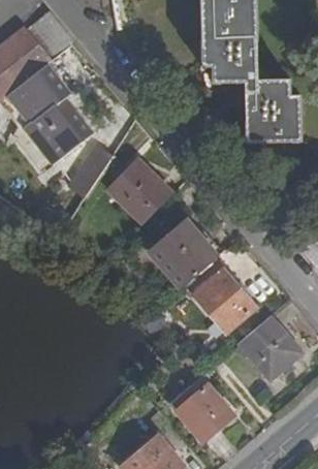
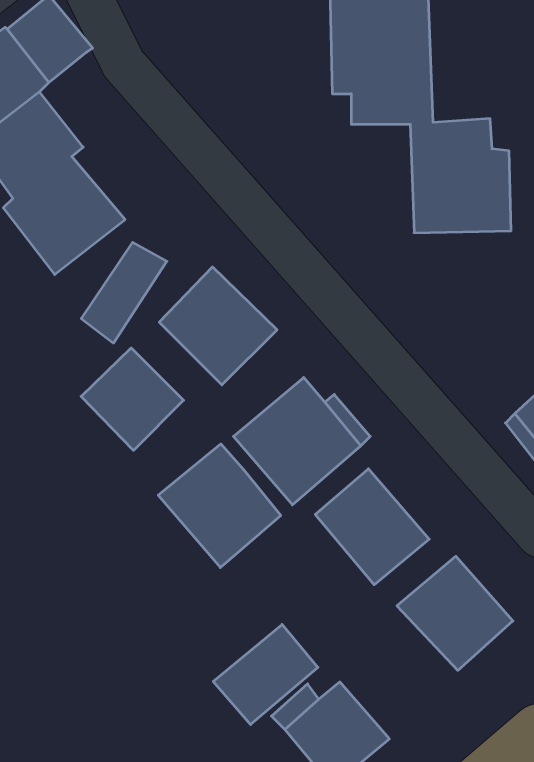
building: none -> [81,348,184,450]
building: none -> [158,444,281,568]
building: none -> [213,624,318,725]

